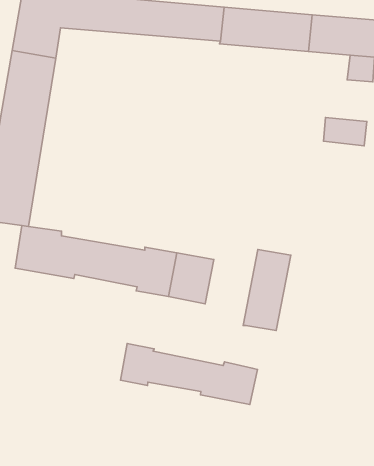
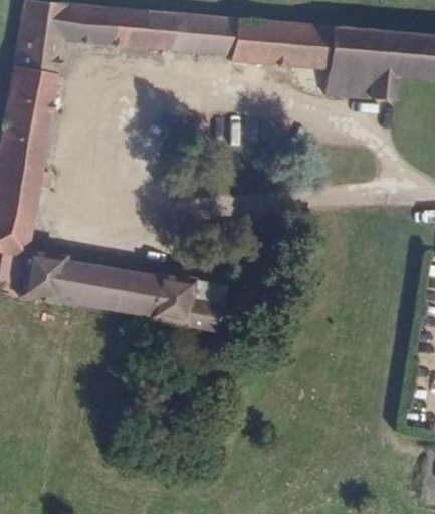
building: [323,118,367,146] -> [327,66,373,96]
building: [243,249,291,330] -> none
building: [120,344,258,405] -> none

